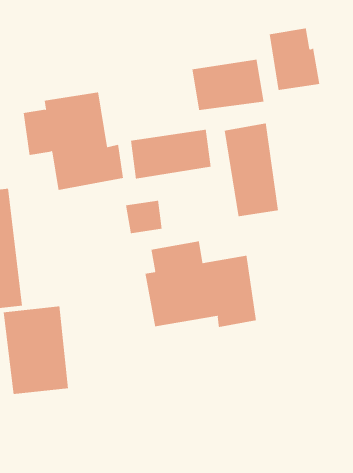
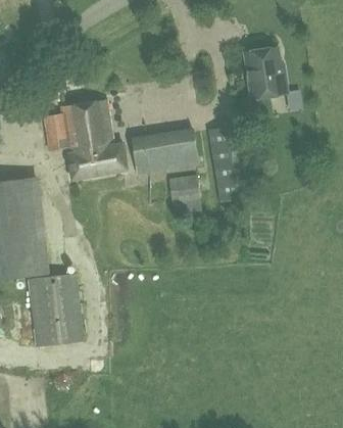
building: [192,59,264,111] -> none
building: [125,200,163,234] -> [168,175,199,202]
building: [145,240,257,328] -> none

